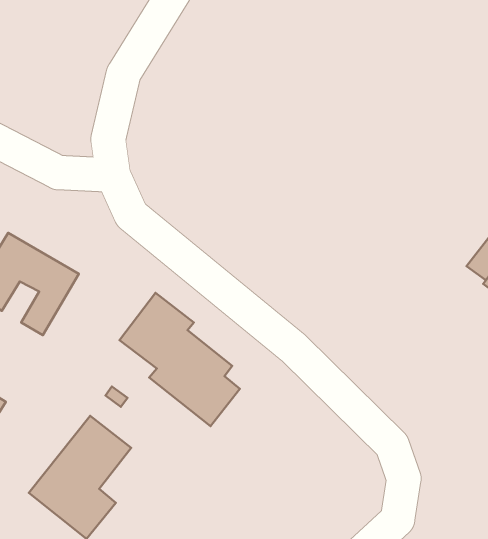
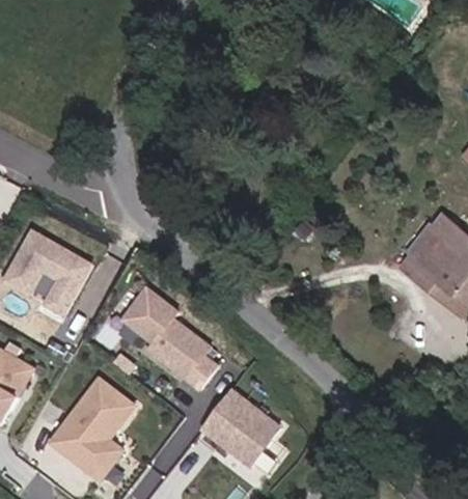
building: none -> [197,390,276,467]

